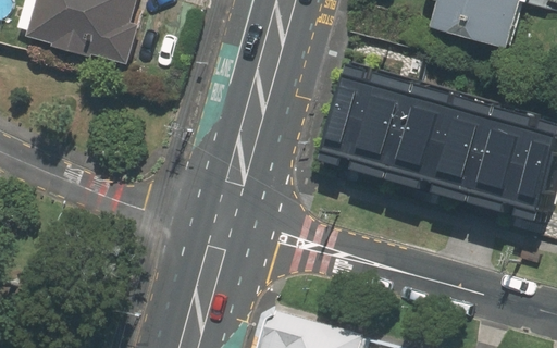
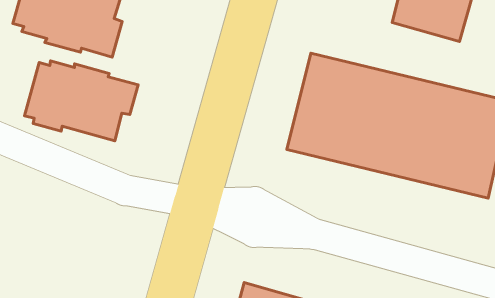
building: none -> [25,61,138,141]

